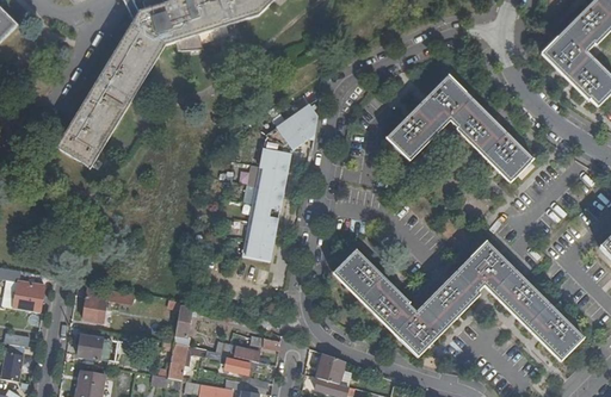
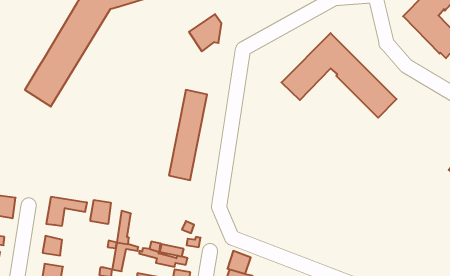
building: [274,103,316,150] -> [189,14,221,51]
building: [335,241,584,360] -> none
building: none -> [90,200,111,224]

